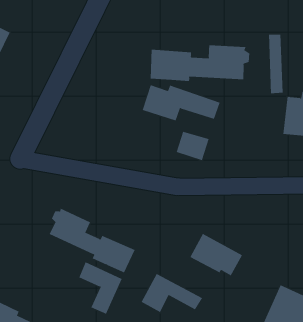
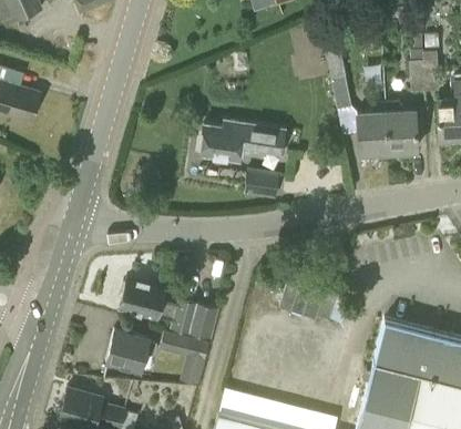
building: [150,44,250,82] -> none
building: none -> [106,328,156,369]
building: [141,273,203,313] -> none

